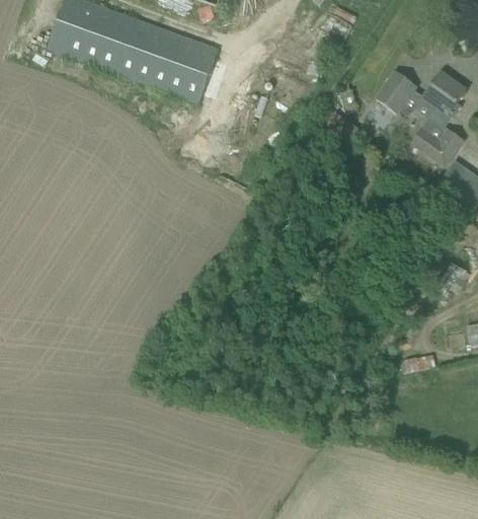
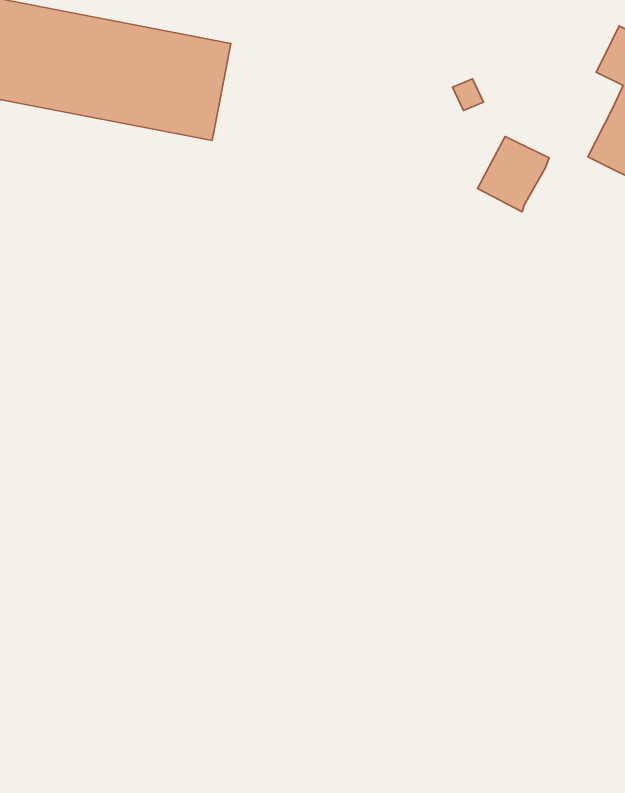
building: [375,70,418,115] -> [478,136,549,212]

